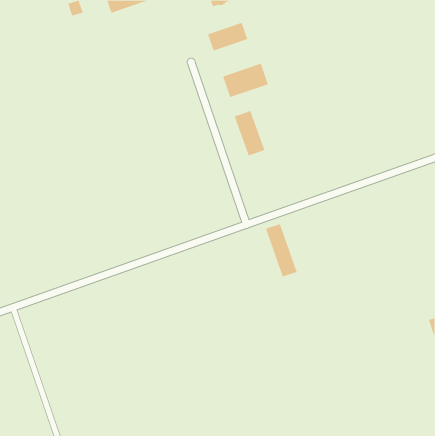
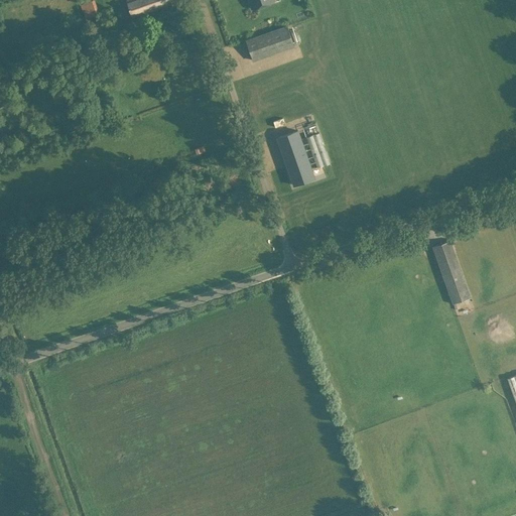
building: [223,63,268,98] -> none
building: [265,224,298,277] -> [431,240,470,303]

